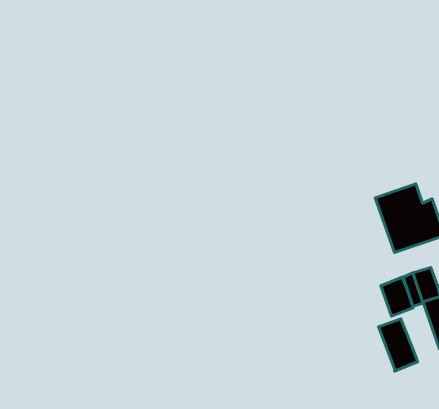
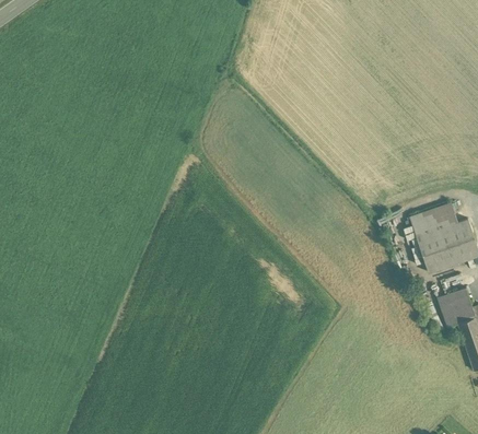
building: [381,277,413,316] -> none
building: [378,319,417,371] -> none

